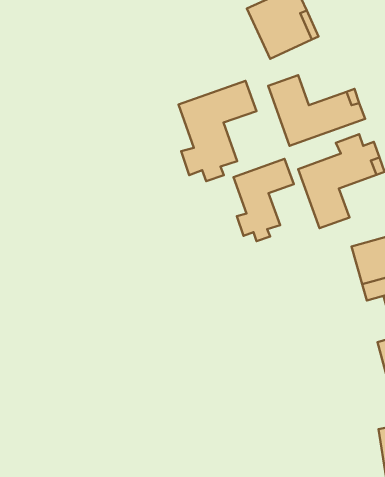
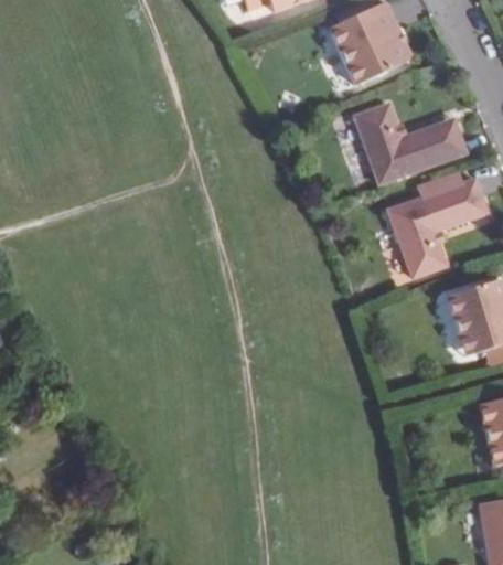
building: [179,81,256,181] -> none
building: [234,159,294,241] -> none

